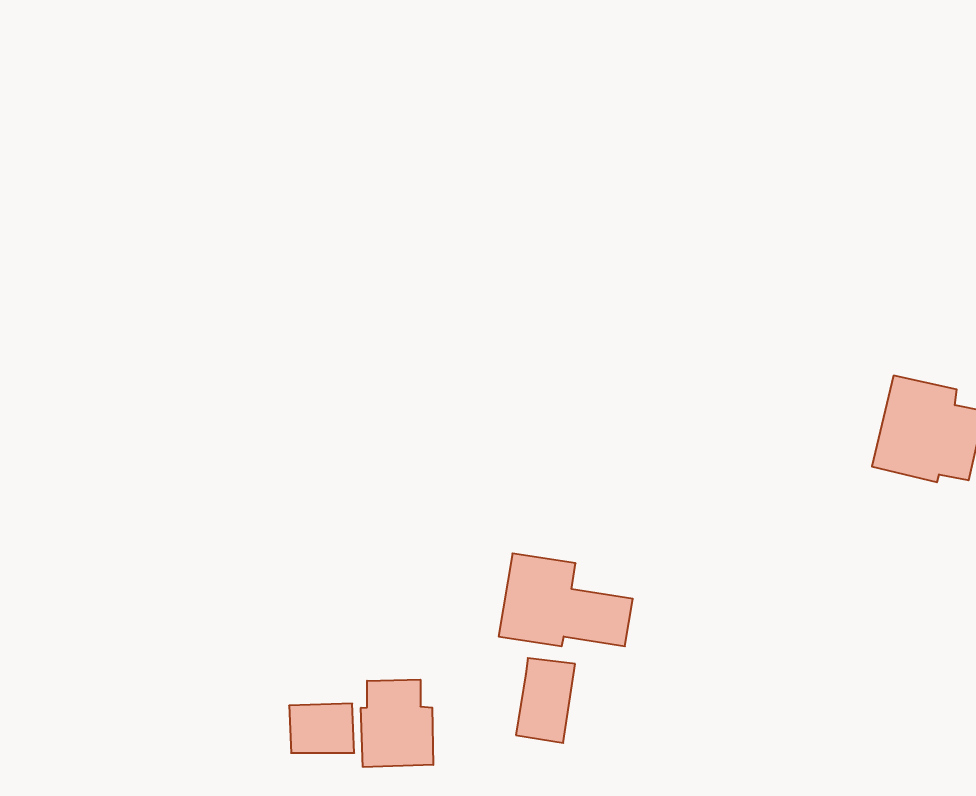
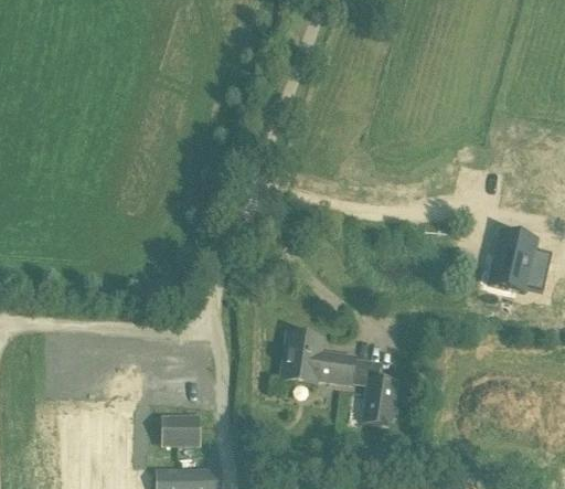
building: [516,658,575,743] -> [363,376,396,424]
building: [361,680,433,767] -> none

